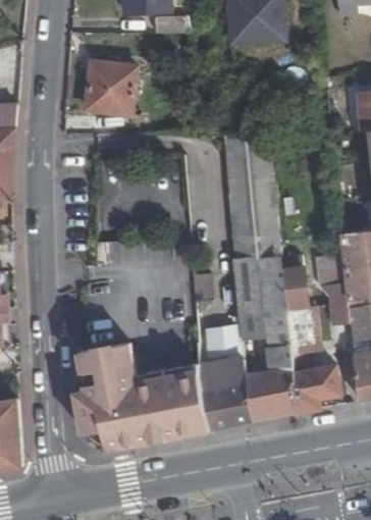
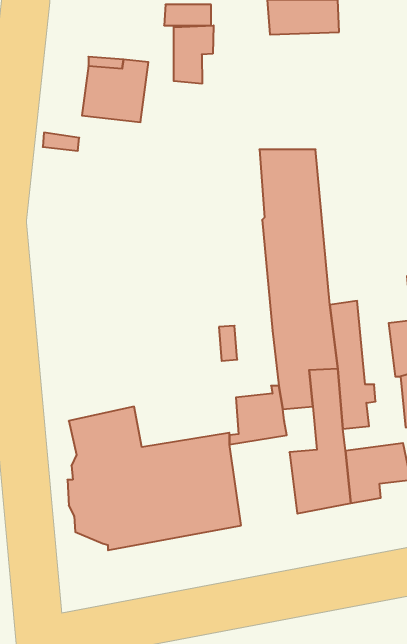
building: none -> [174,25,214,84]
building: [201,355,254,425] -> none

